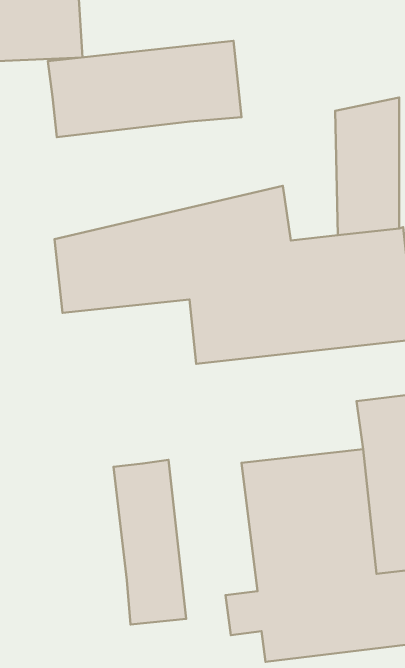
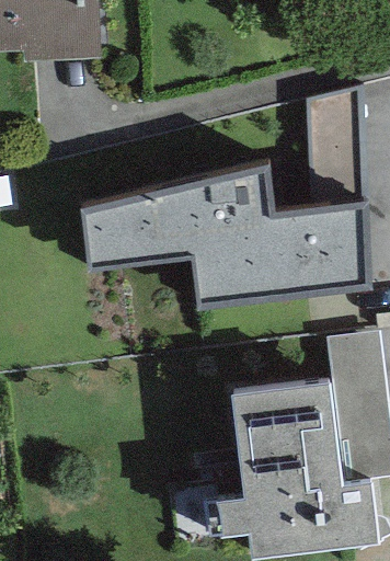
building: [48,41,242,137] -> none
building: [113,460,186,624] -> none

